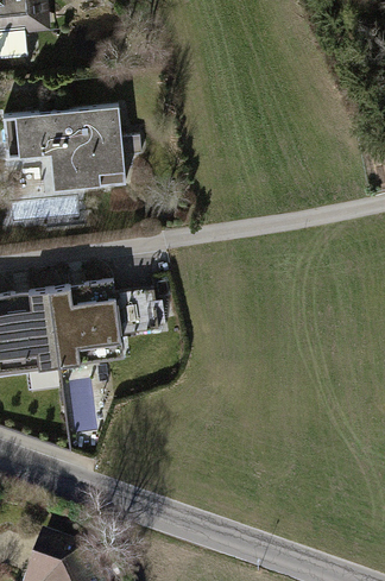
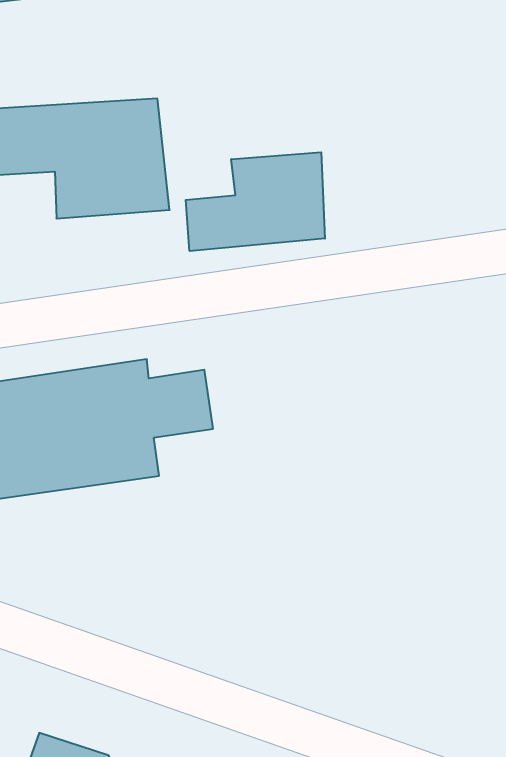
building: none -> [186,152,325,251]

